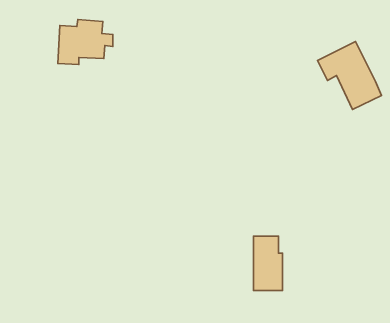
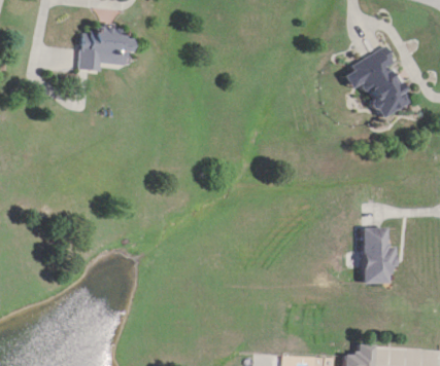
building: [254,236,283,290] -> [363,227,393,283]

